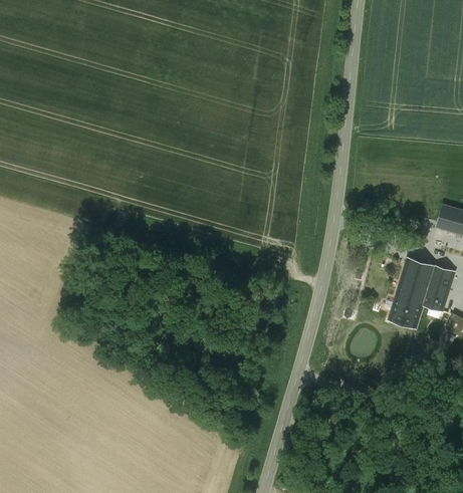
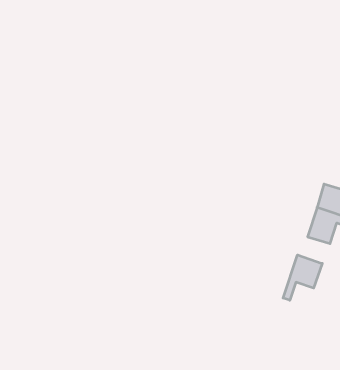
building: none -> [283,255,322,300]

